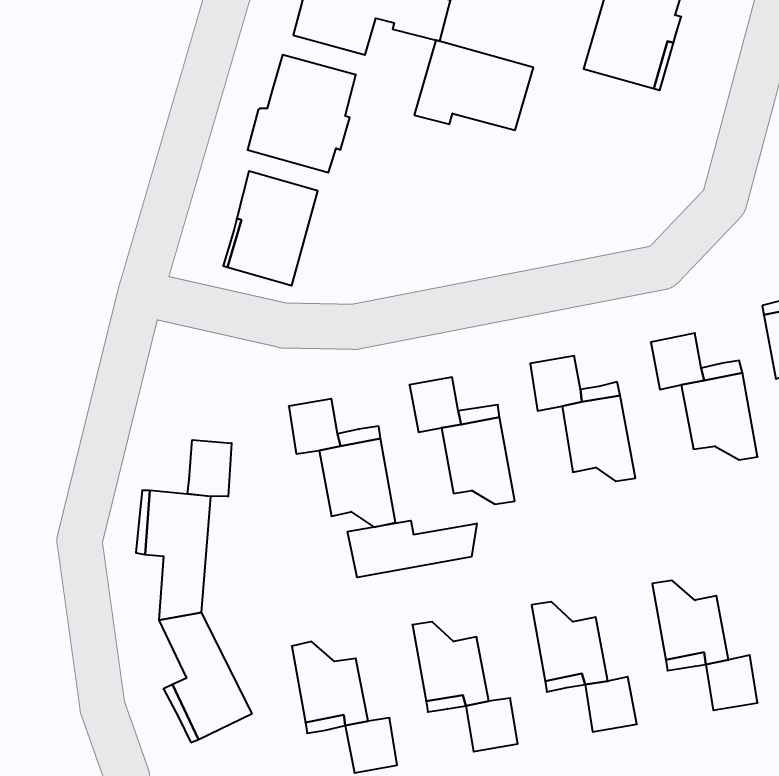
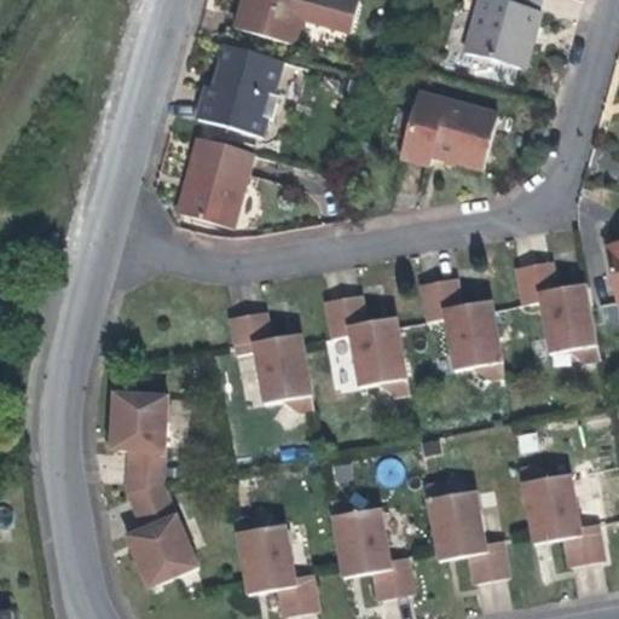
building: [414,40,533,130] -> [404,94,498,166]
building: [187,440,232,497] -> none
building: [348,521,477,577] -> none

